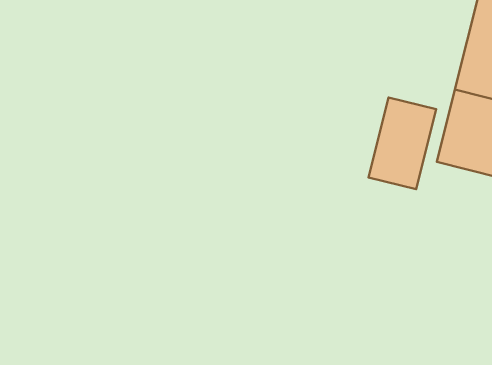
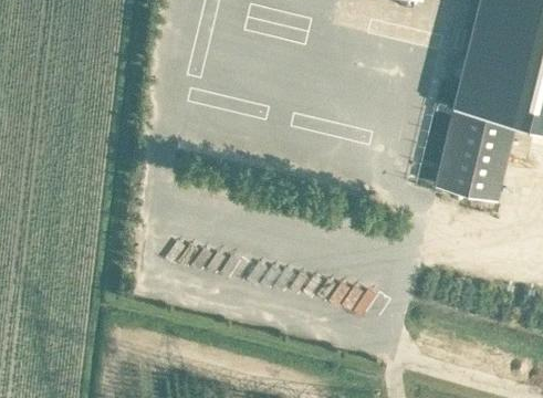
building: [368,98,436,189] -> none

